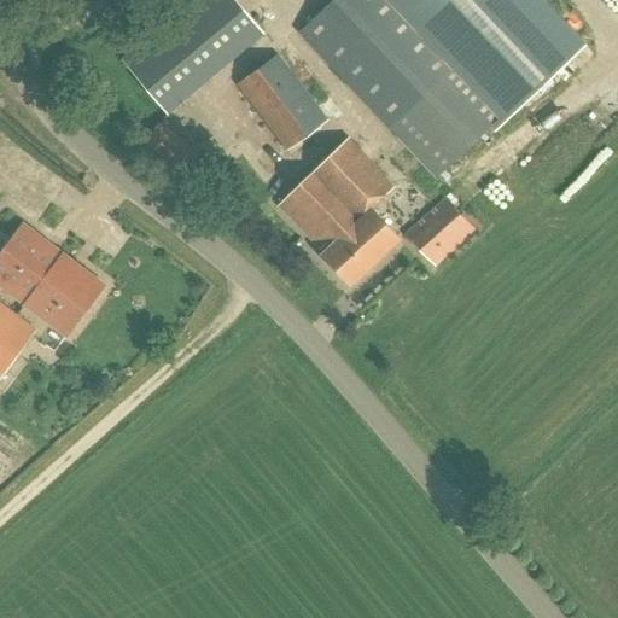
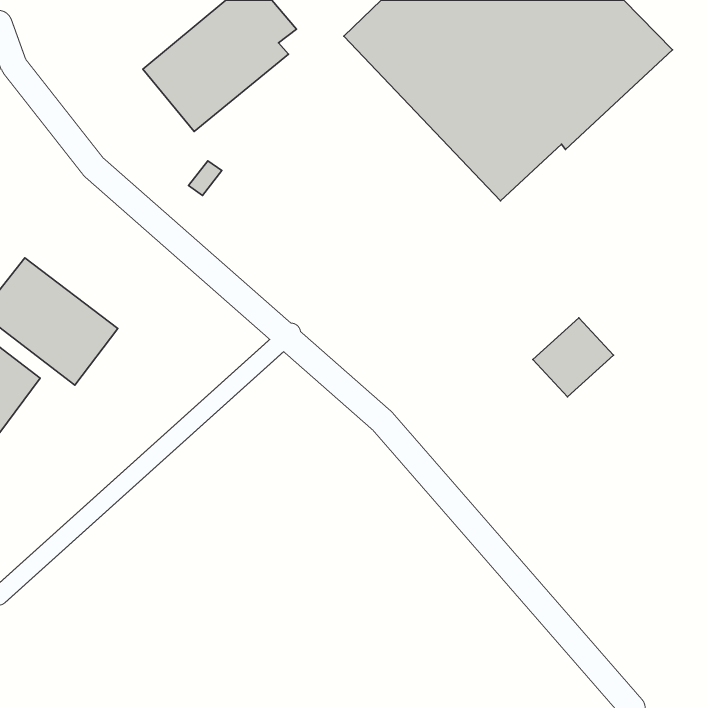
building: [235,53,327,152] -> none
building: [275,138,400,286] -> none
building: [403,198,473,267] -> [533,318,613,397]

